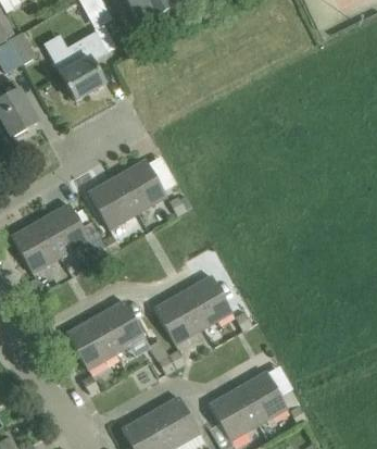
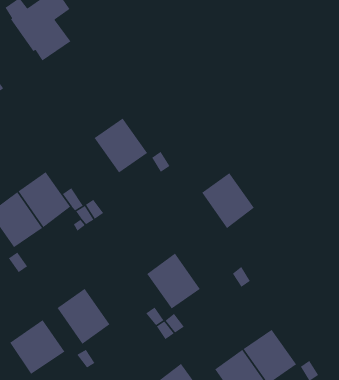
building: [89,175,138,228] -> none
building: [184,274,233,327] -> [201,172,255,229]
building: [96,299,146,352] -> none
building: none -> [9,319,65,375]

